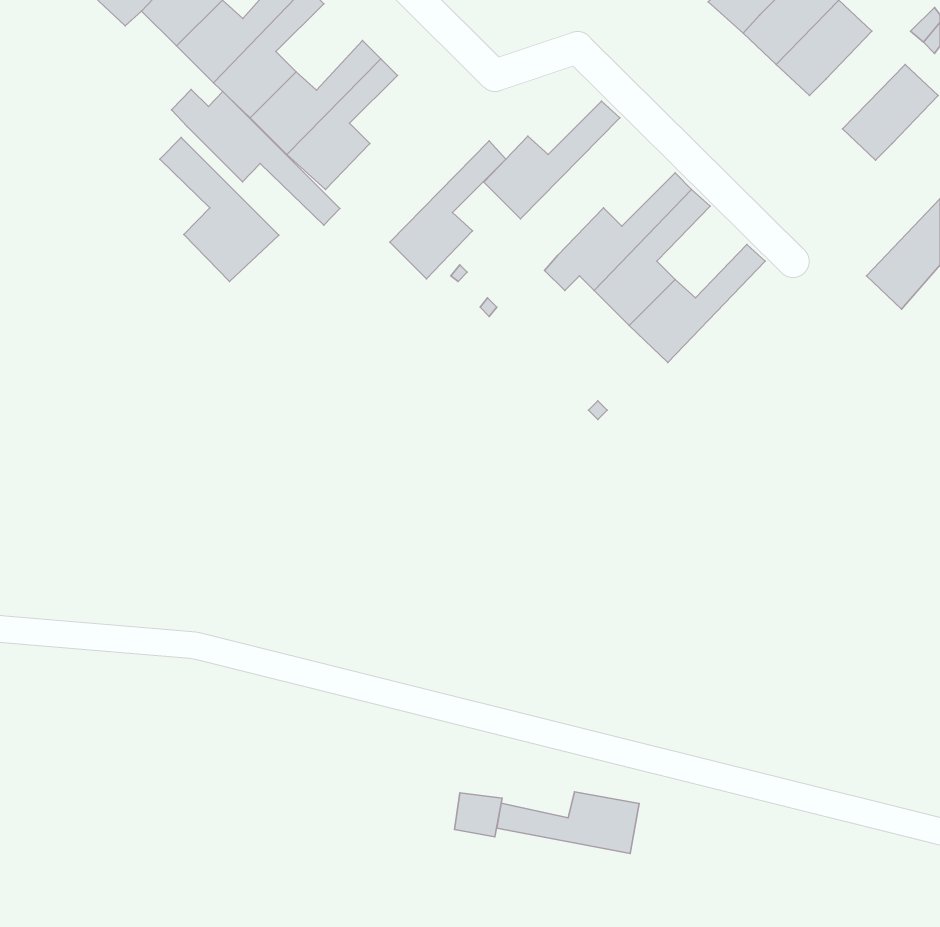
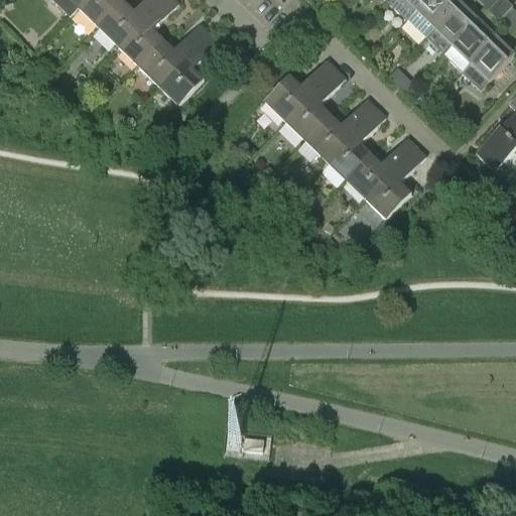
building: none -> [443,17,496,71]
building: [172,89,340,225] -> none
building: [160,138,279,282] -> none
building: [390,141,506,279] -> [285,64,349,140]
building: none -> [366,143,428,218]
building: [497,792,639,854] -> none

